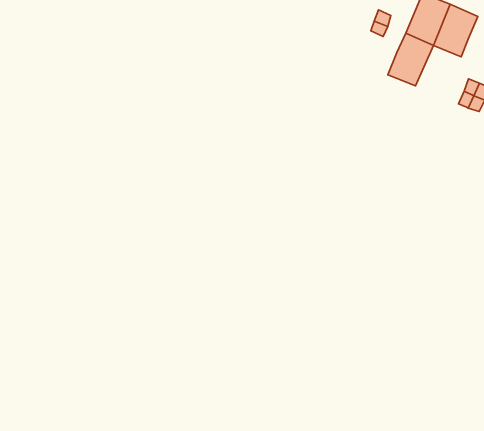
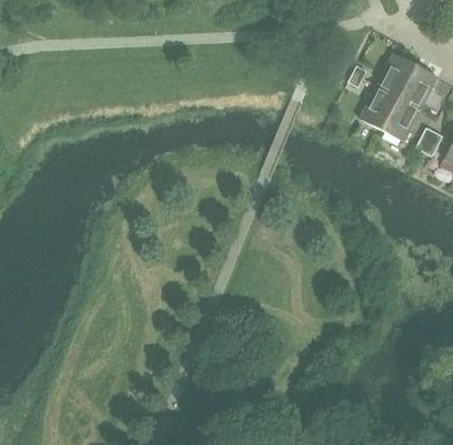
building: none -> [380,98,420,141]

